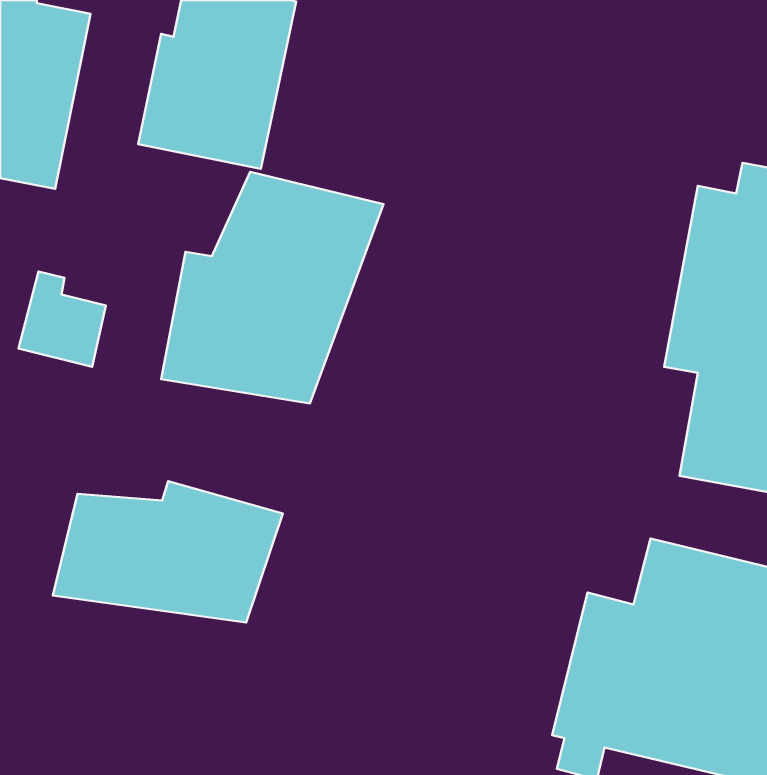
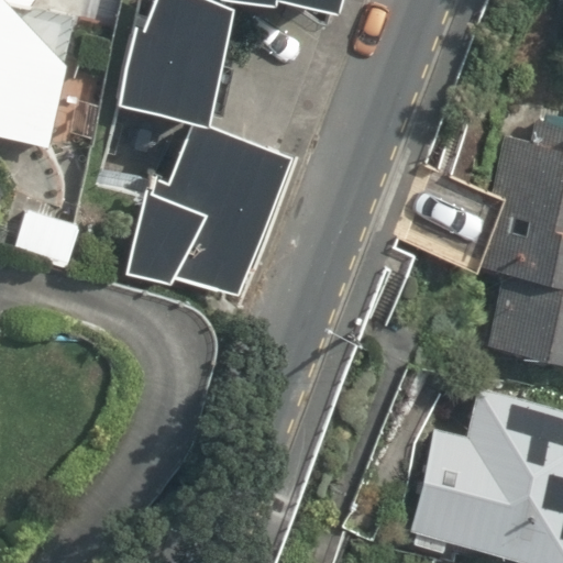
building: [53,481,283,623] -> none

